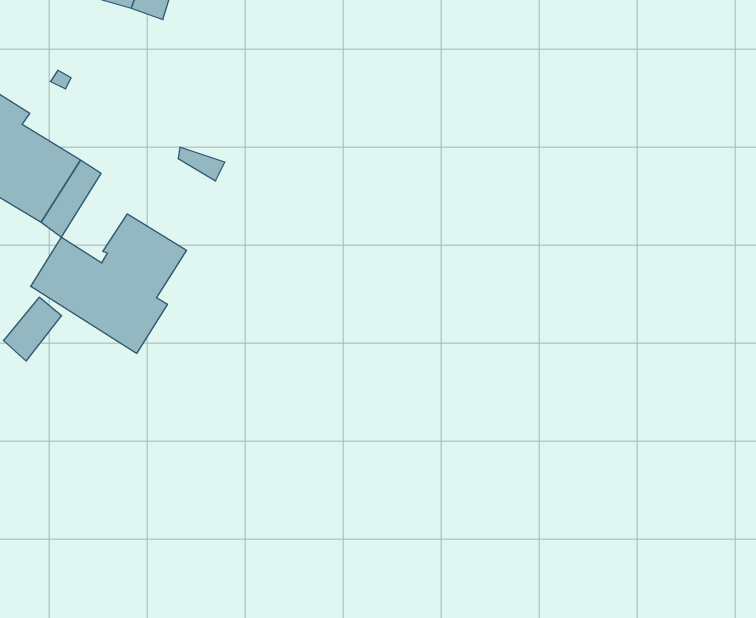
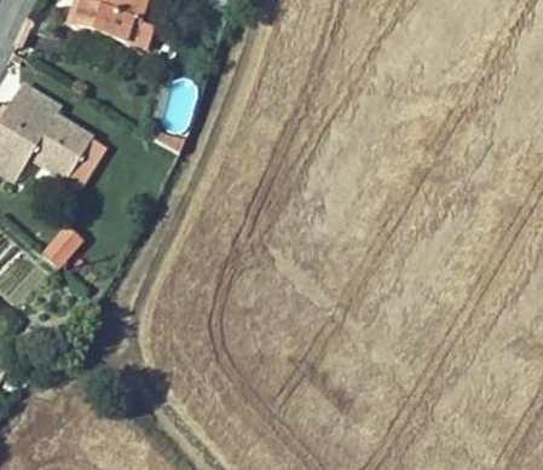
building: [31,214,187,353] -> none

